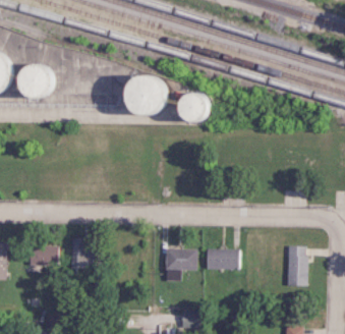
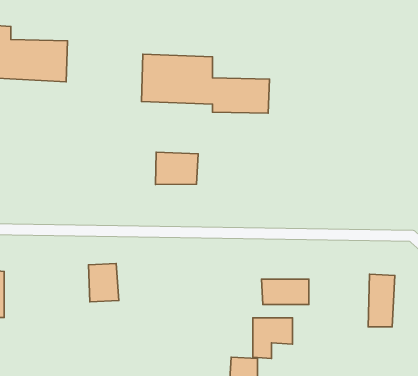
building: none -> [156,152,198,184]
building: [28,244,58,266] -> none
building: [166,249,196,281] -> [253,318,292,359]

